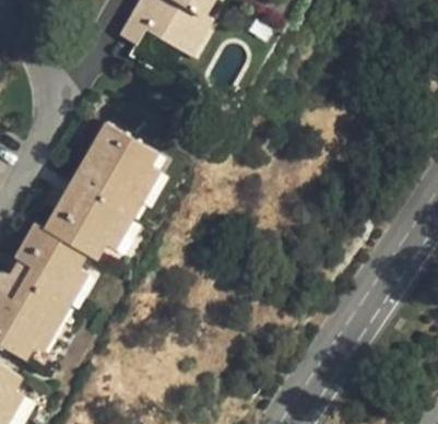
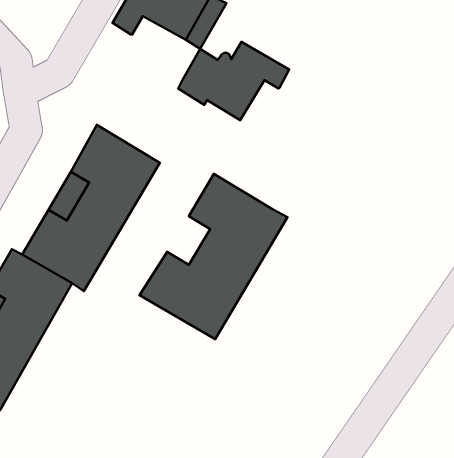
building: none -> [178,42,289,120]
building: none -> [140,174,288,339]

